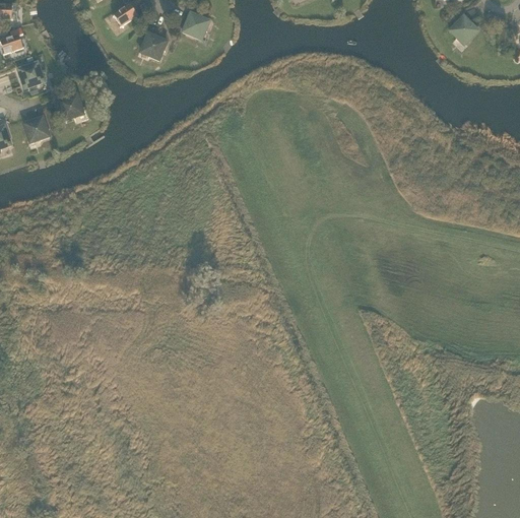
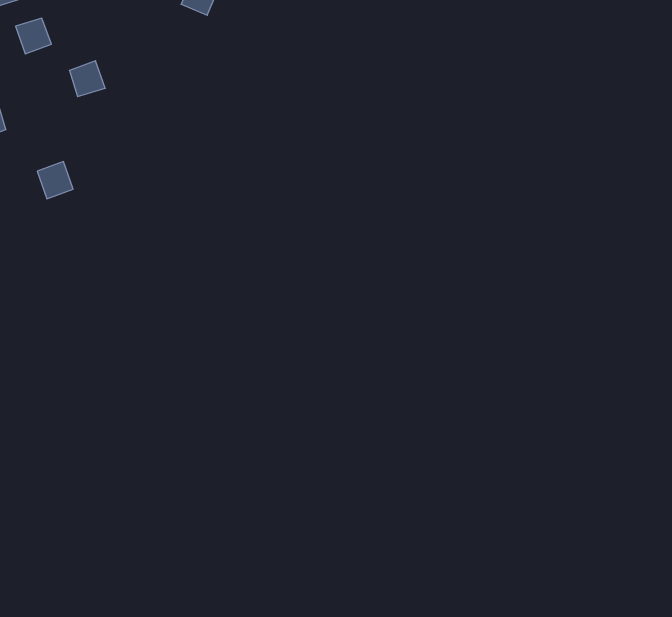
building: [22,116,49,143] -> [37,162,73,199]

